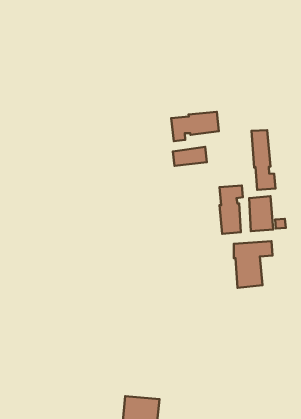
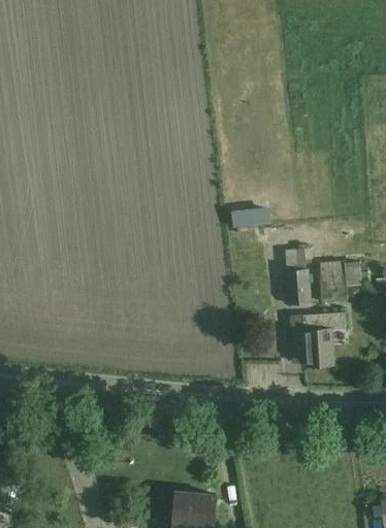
building: [171,112,219,141] -> none
building: [252,130,275,190] -> none

